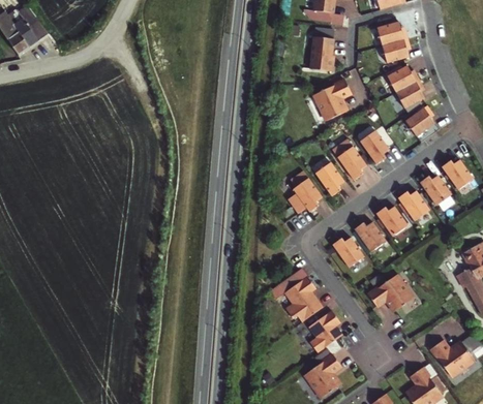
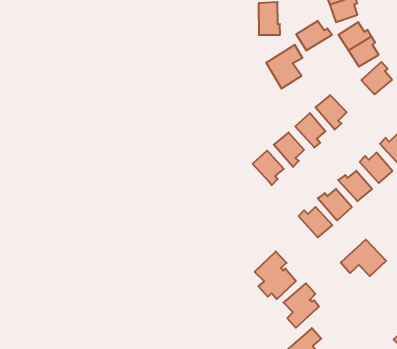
building: none -> [296,21,332,51]

